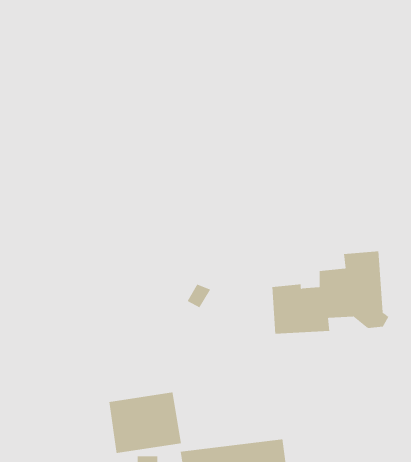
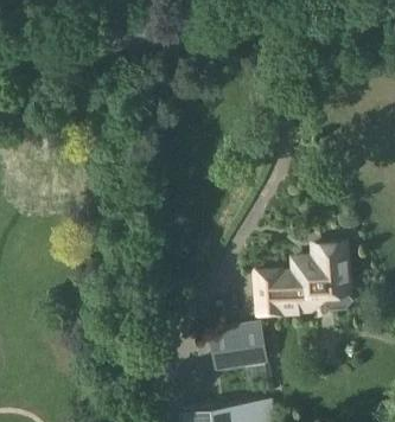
building: [109,392,182,453] -> [210,320,270,371]

